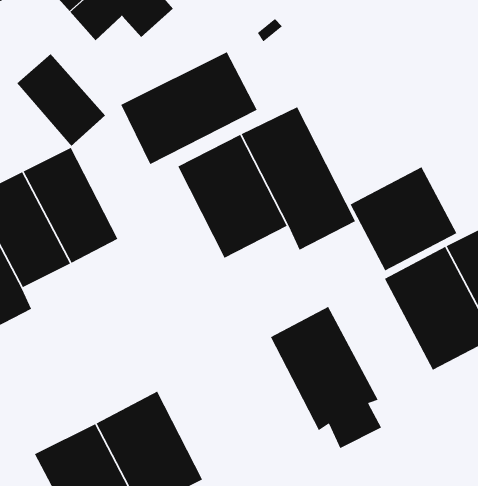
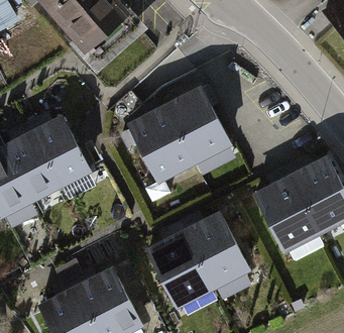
building: [120,51,258,165] -> none
building: [16,53,106,147] -> none
building: [349,166,457,272] -> none
building: none -> [146,230,214,307]

